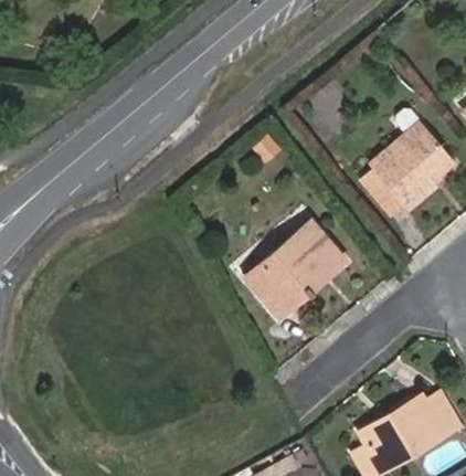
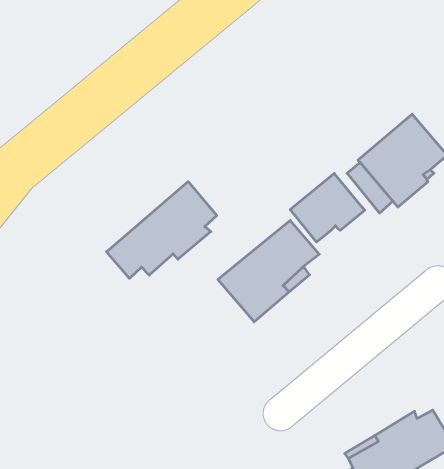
building: none -> [290,173,365,242]
building: none -> [106,182,217,278]

